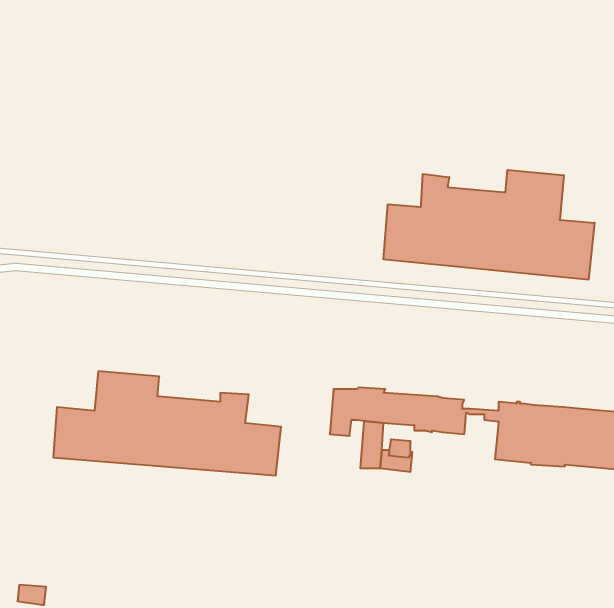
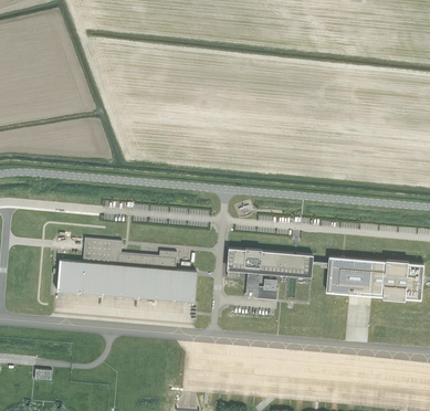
building: [384,170,595,280] -> none

